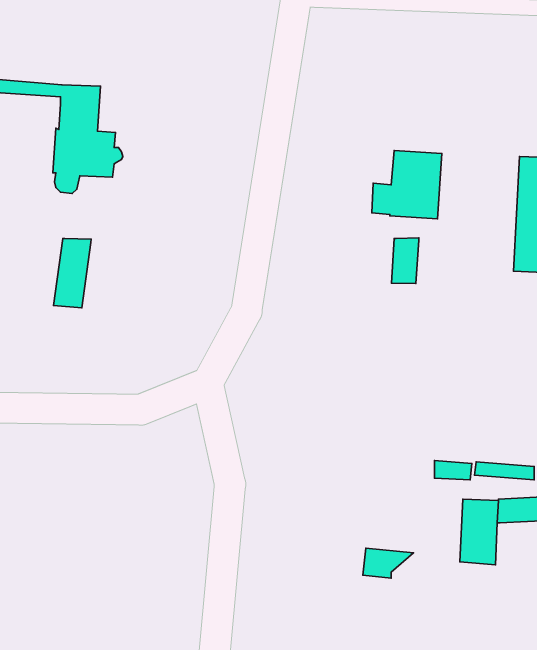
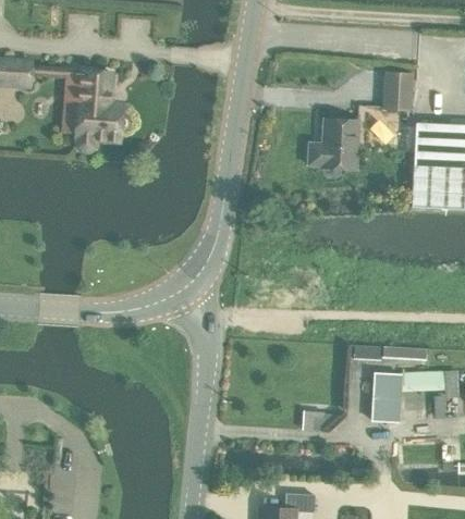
building: none -> [382,71,414,110]
building: [391,238,419,284] -> none
building: [54,238,91,308] -> none

